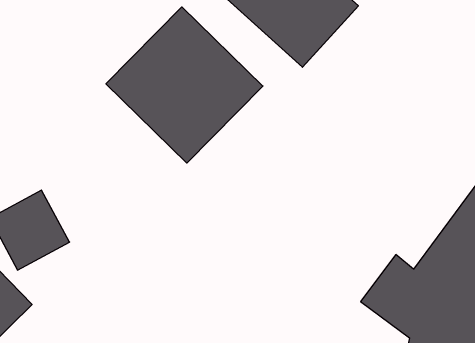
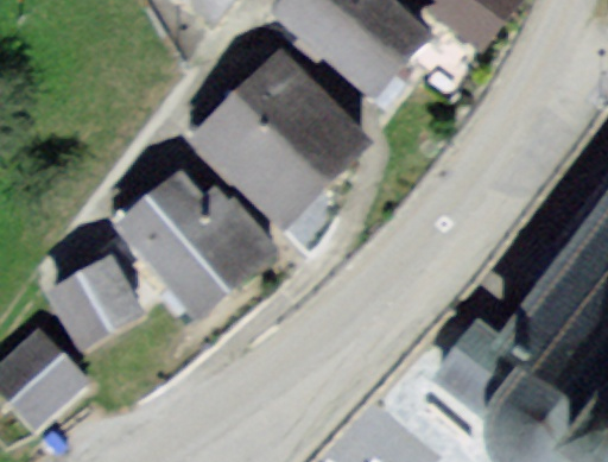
building: none -> [96,144,253,302]

